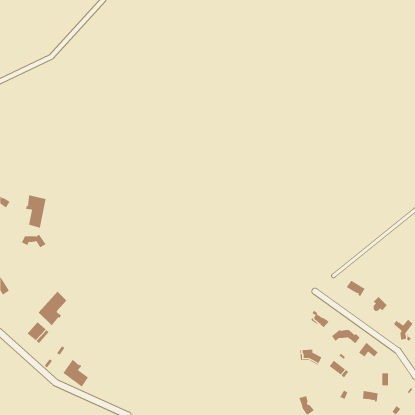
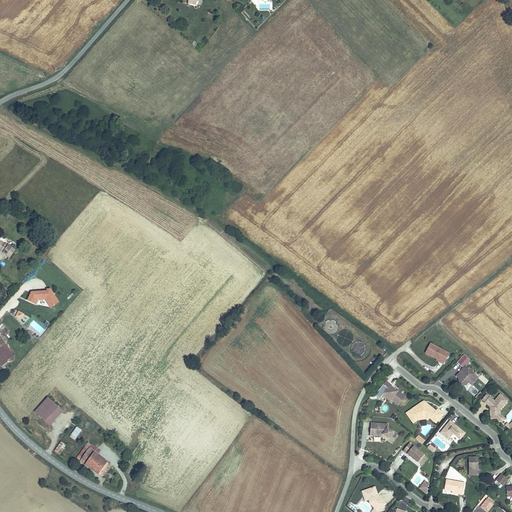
building: [26,194,46,228] -> none
building: [38,291,67,326] -> none

